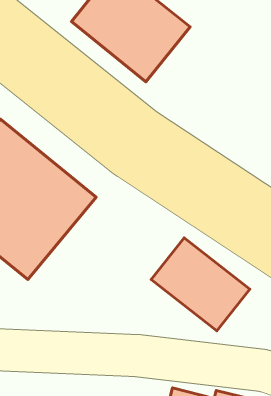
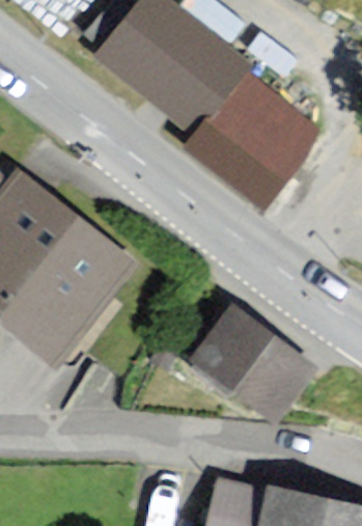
building: none -> [190,78,313,200]

